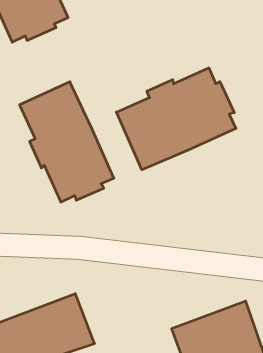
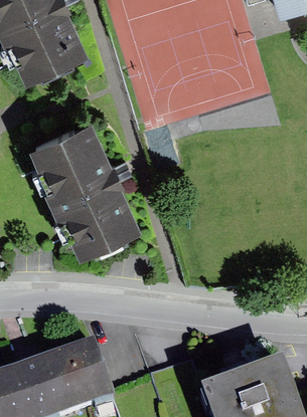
building: [116,68,236,170] -> none

